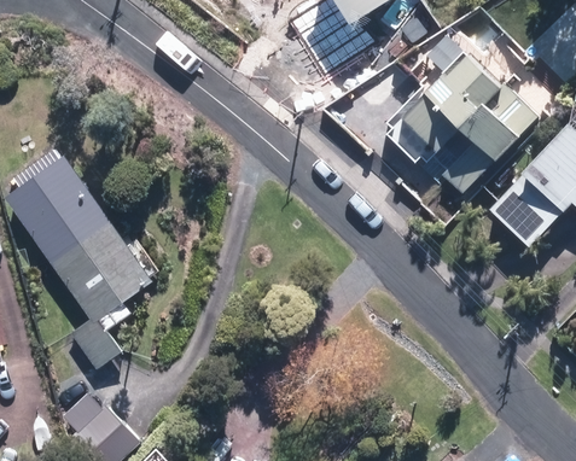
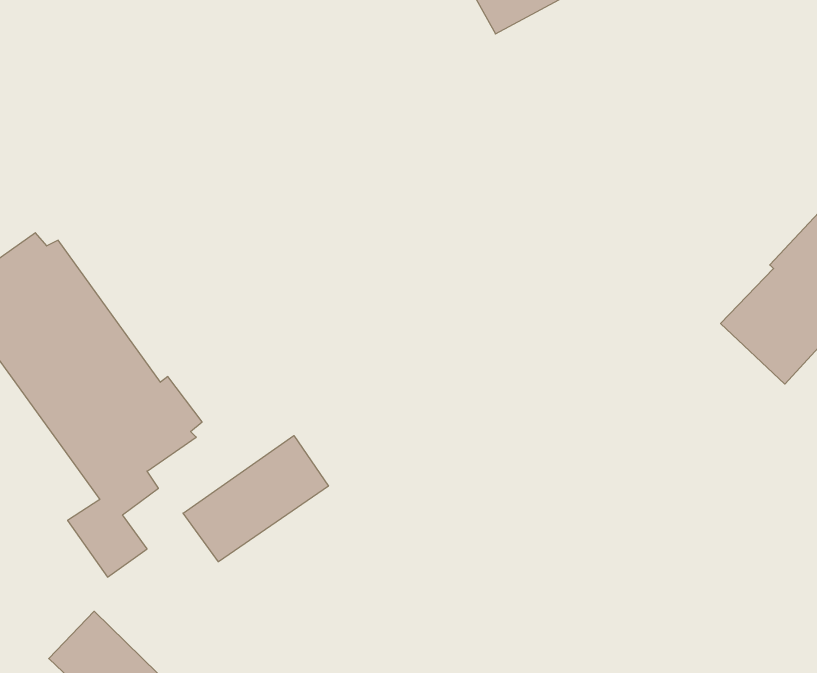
building: [397,54,536,193] -> none
building: none -> [183,436,328,562]

